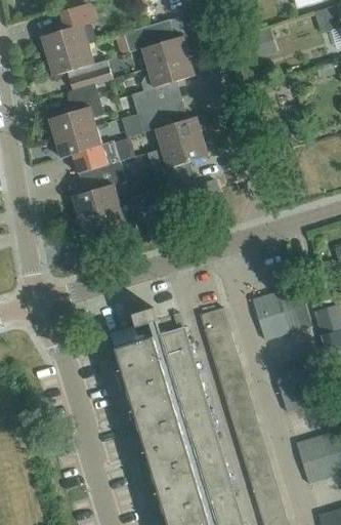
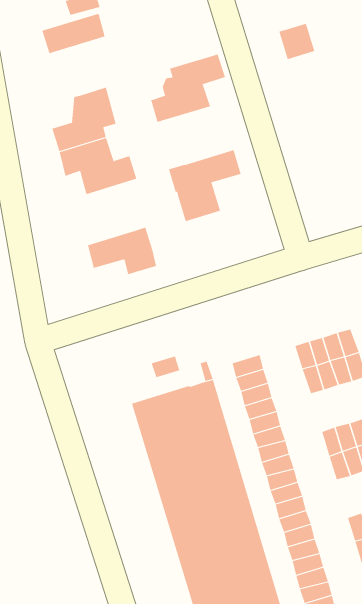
building: [124,19,188,69] -> none
building: [47,44,113,91] -> none
building: [137,100,202,149] -> none
building: [73,161,126,216] -> none

